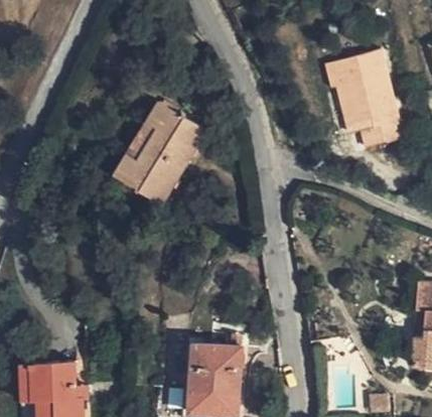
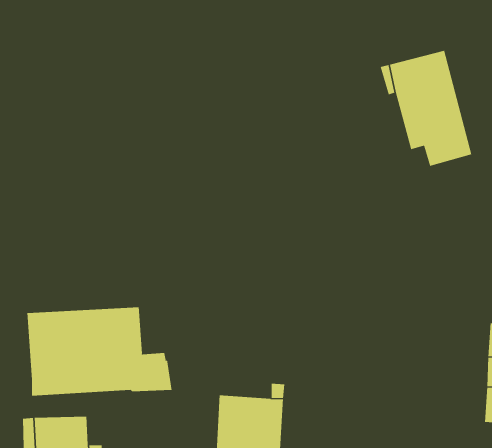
building: [115,103,206,204] -> none
building: none -> [27,306,172,397]

